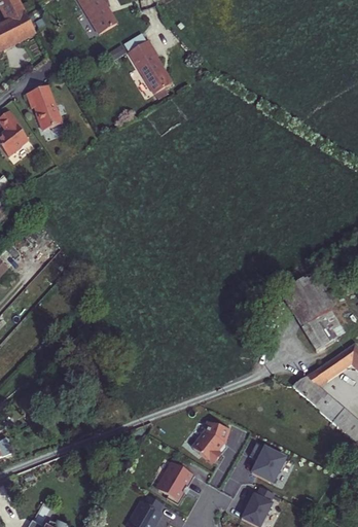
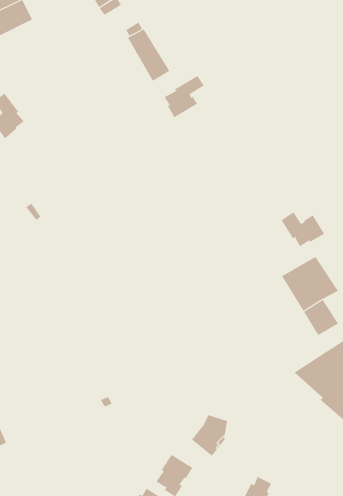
building: [28,84,62,129] -> none
building: none -> [164,75,204,118]
building: none -> [281,212,325,247]
building: [247,440,283,481] -> none

